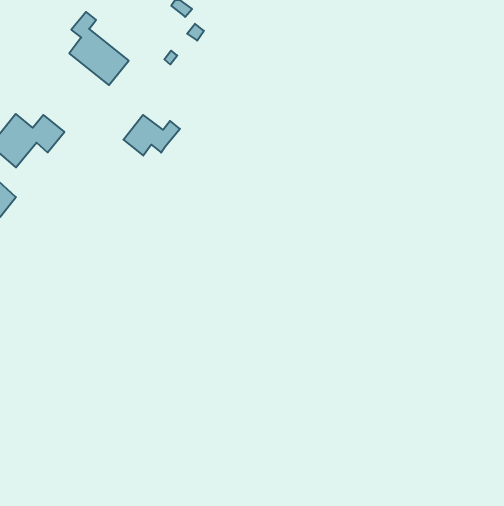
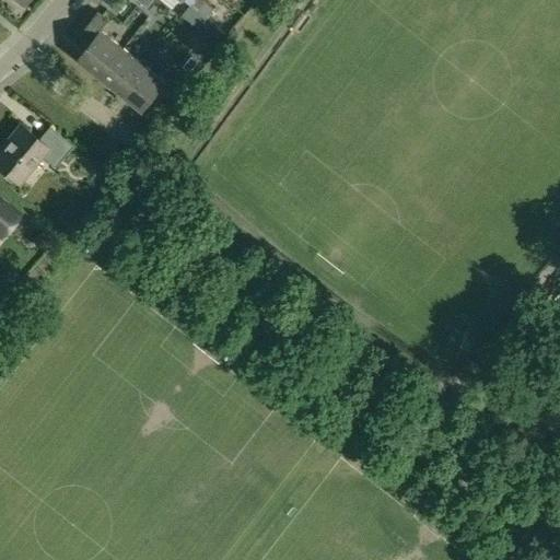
building: [123,115,180,156] -> [120,67,183,112]

